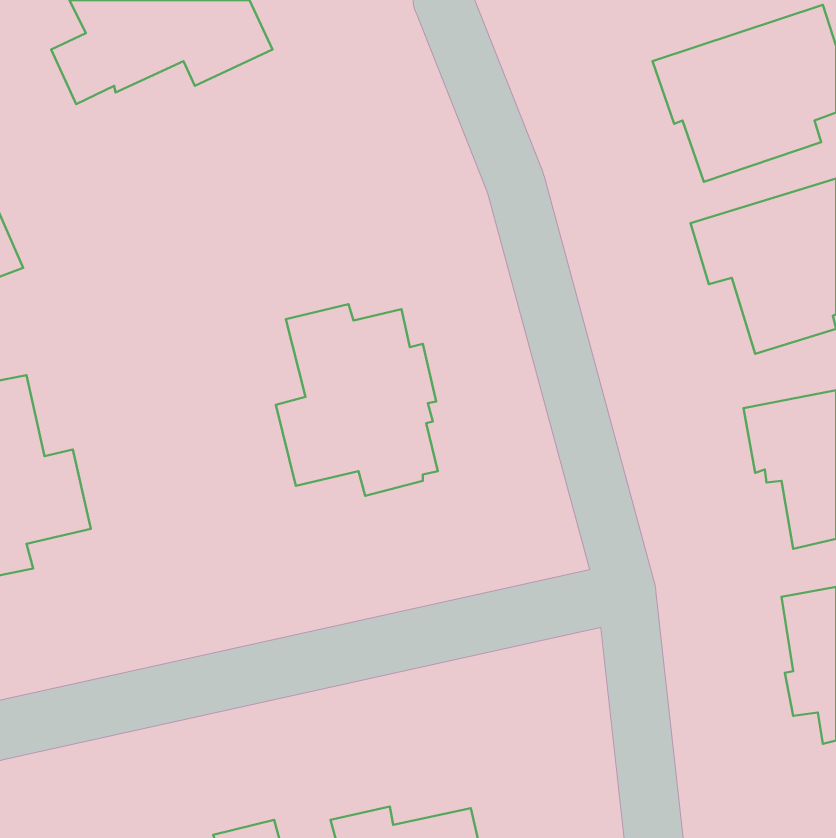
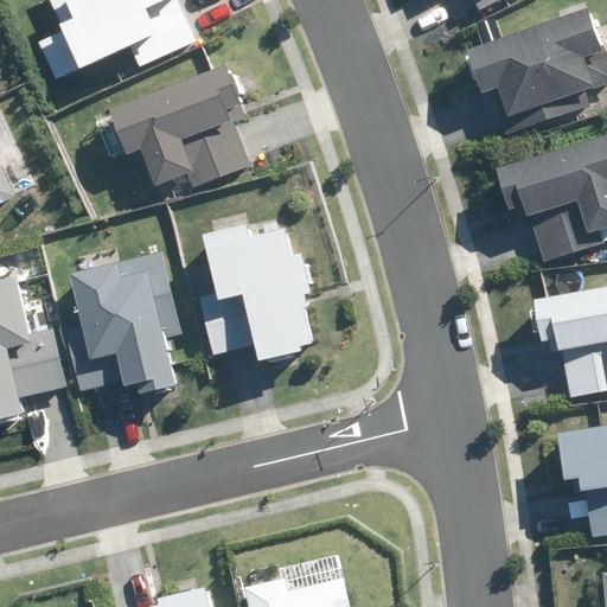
building: none -> [110,65,249,187]
building: none -> [63,253,180,394]

